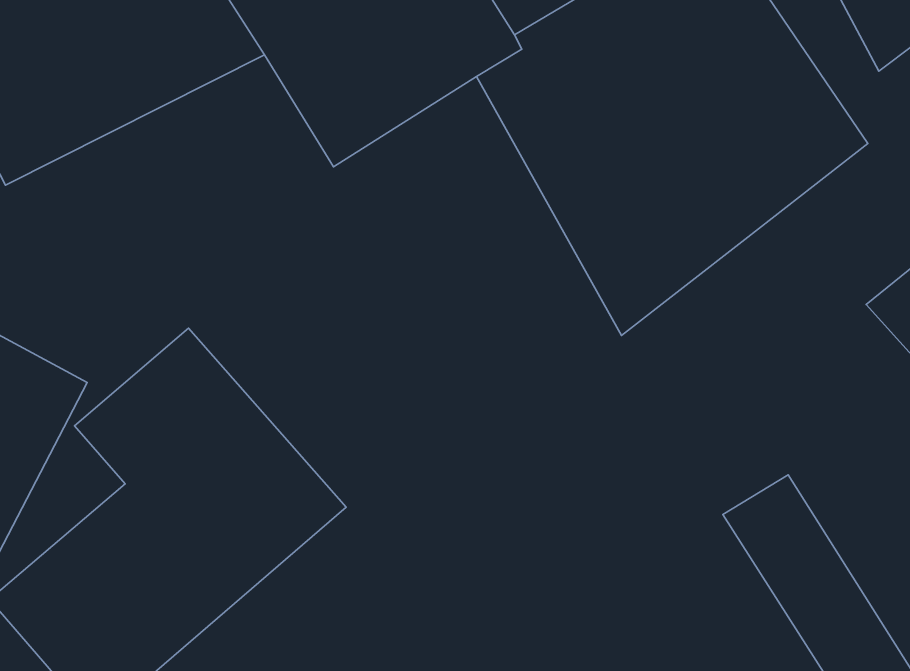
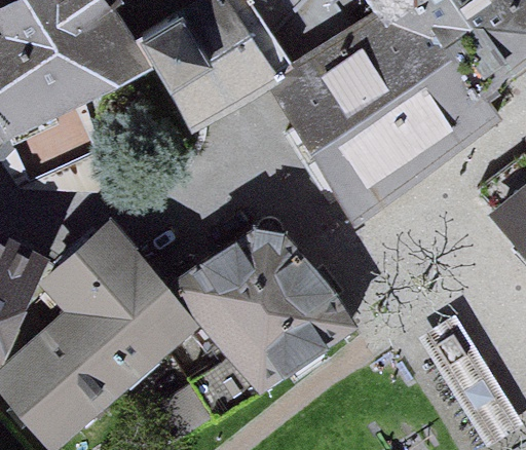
building: none -> [182,226,350,388]

